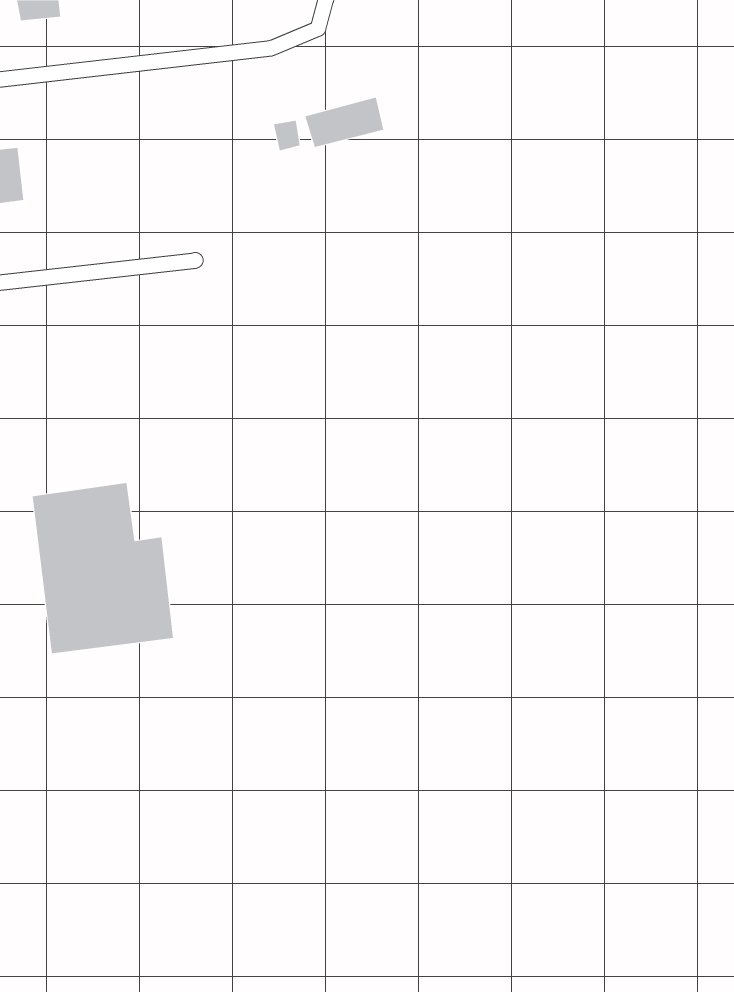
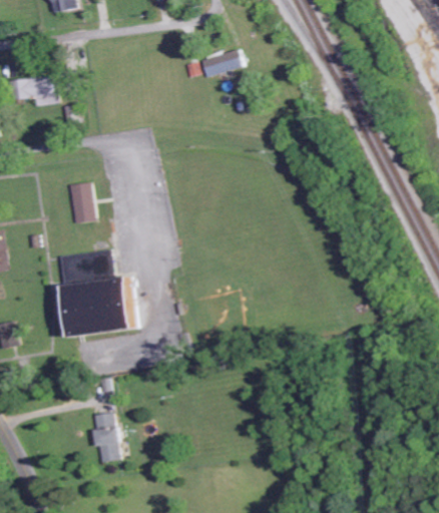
building: none -> [72,183,94,223]
building: none -> [94,413,120,463]

